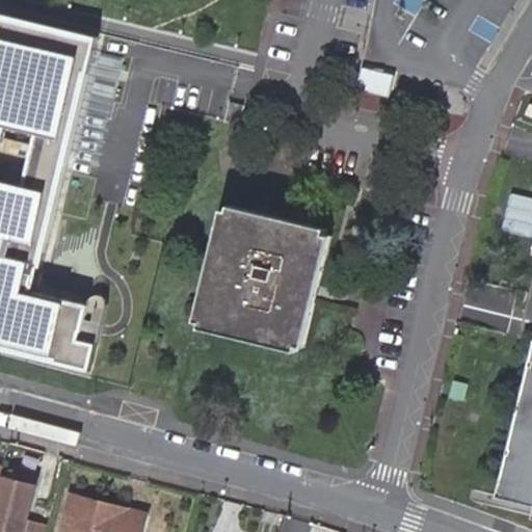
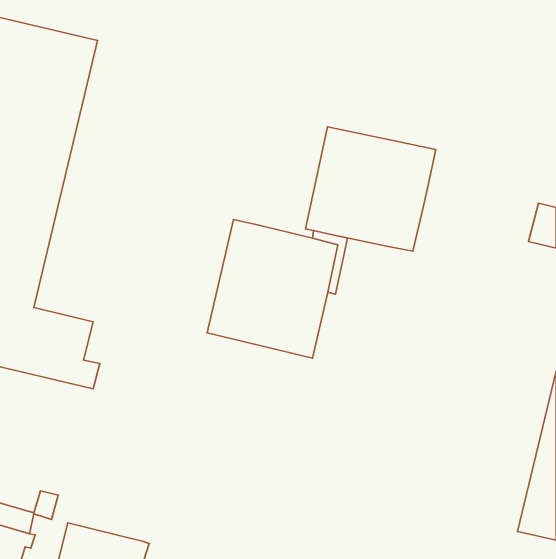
building: none -> [306,127,436,251]
building: [189,201,313,350] -> none

